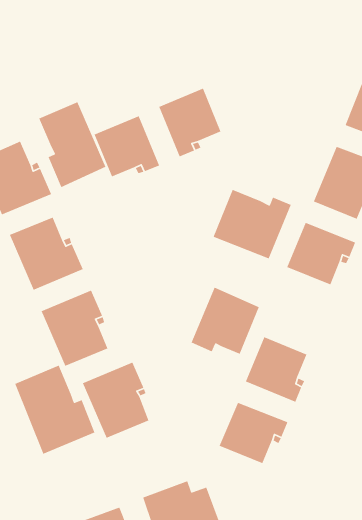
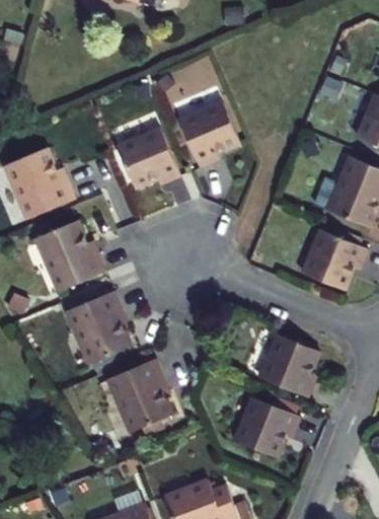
building: [38,101,107,188] -> none
building: [213,189,292,259] -> none
building: [191,287,260,355] -> none
building: [14,365,96,455] -> none

